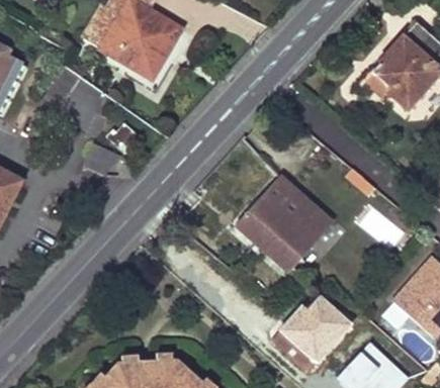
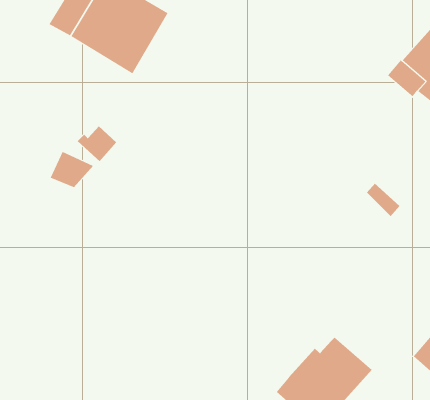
building: [237,175,334,271] -> none

